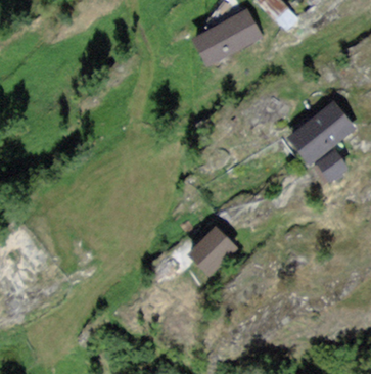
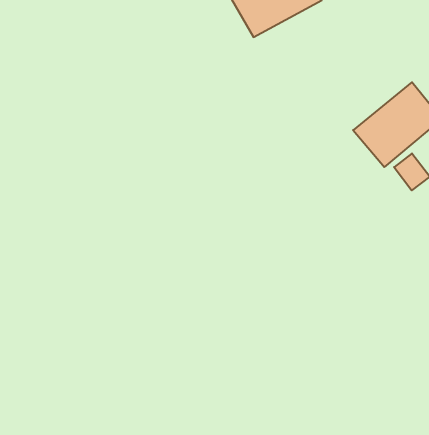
building: [188,230,234,274] -> none

